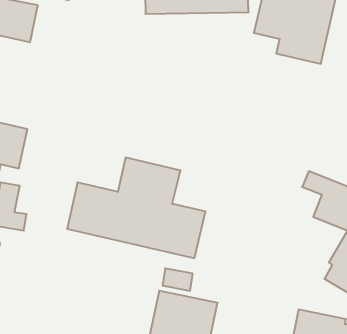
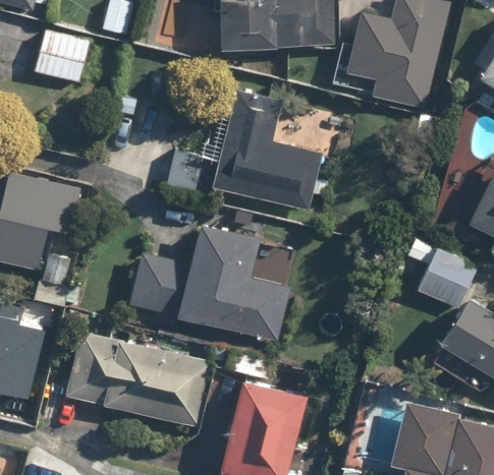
building: none -> [168,91,322,211]
building: none -> [63,332,215,425]

